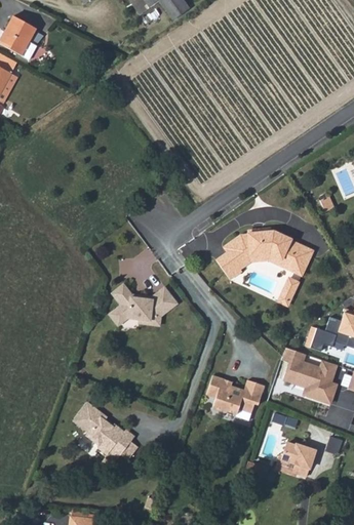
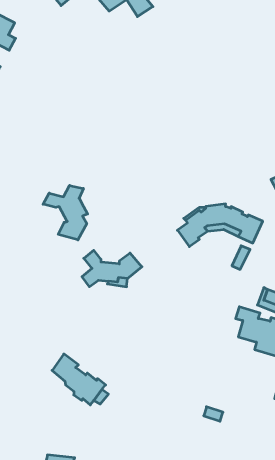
building: none -> [43,185,88,240]
building: [207,373,266,412] -> none
building: [282,442,316,476] -> none

